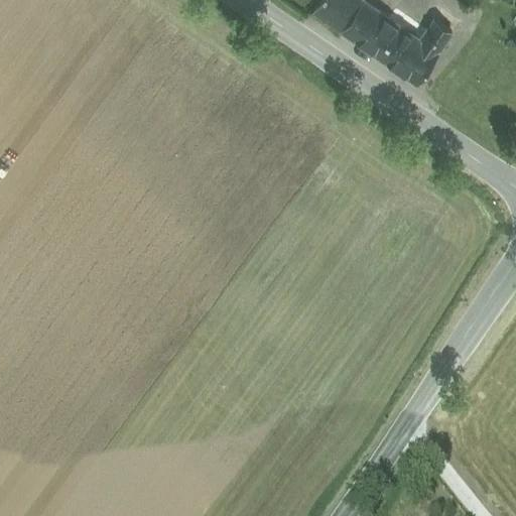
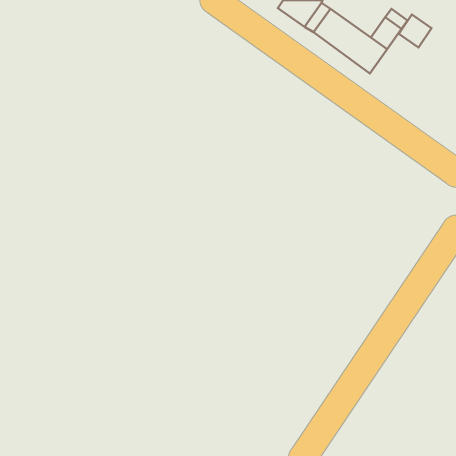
building: none -> [399,14,432,48]

